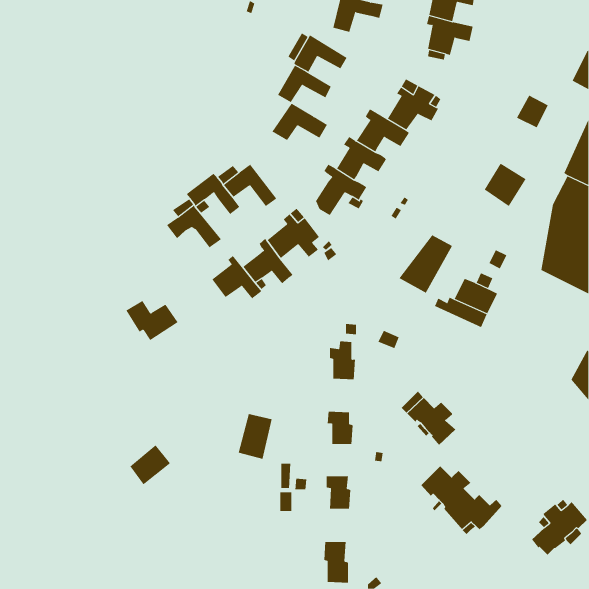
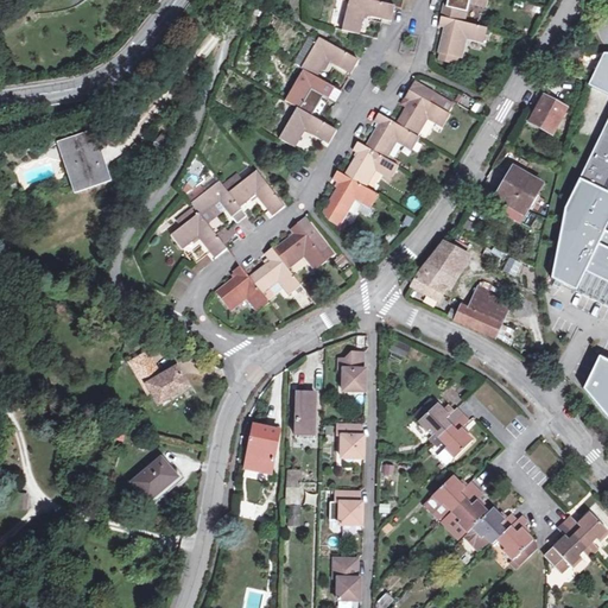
building: none -> [62,128,109,188]
building: [125,300,179,341] -> [132,359,186,400]
building: none -> [296,390,316,430]
building: none -> [498,517,537,568]

